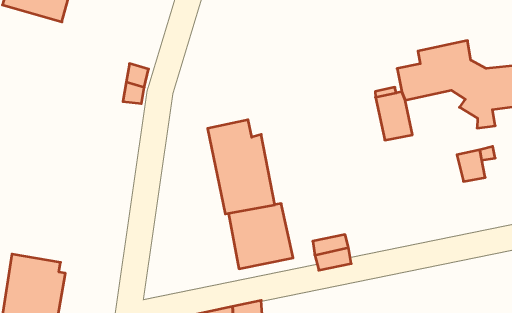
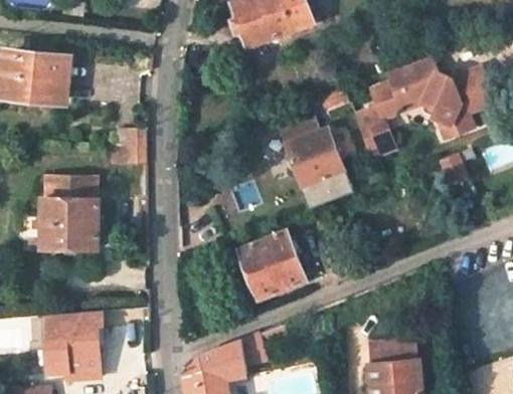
building: none -> [41,177,101,248]
building: [208,120,275,214] -> [278,115,350,203]

